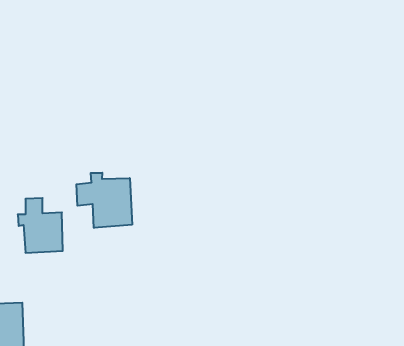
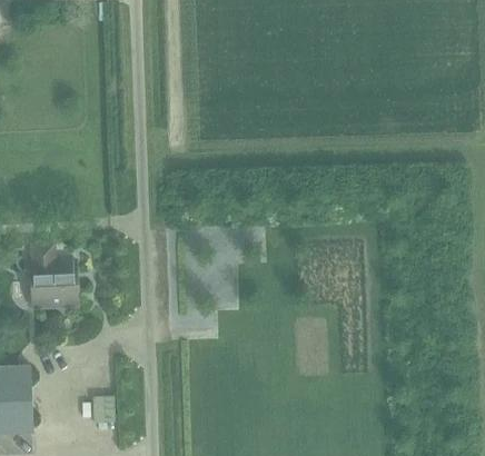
building: [76,173,132,228] -> none

